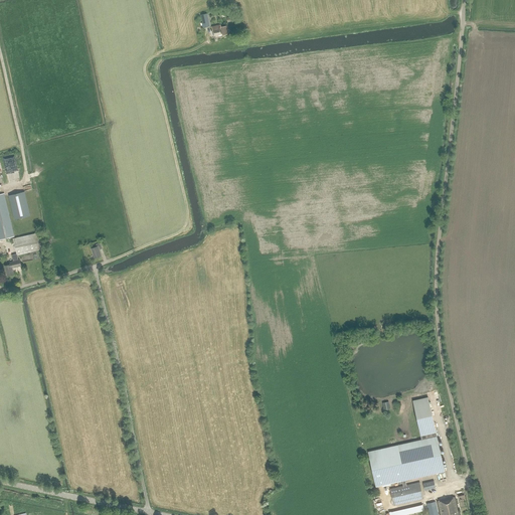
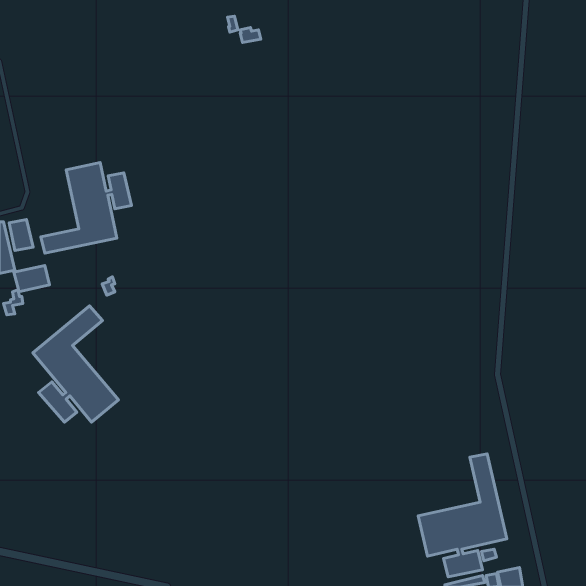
building: none -> [41,163,131,253]
building: none -> [33,306,118,422]

